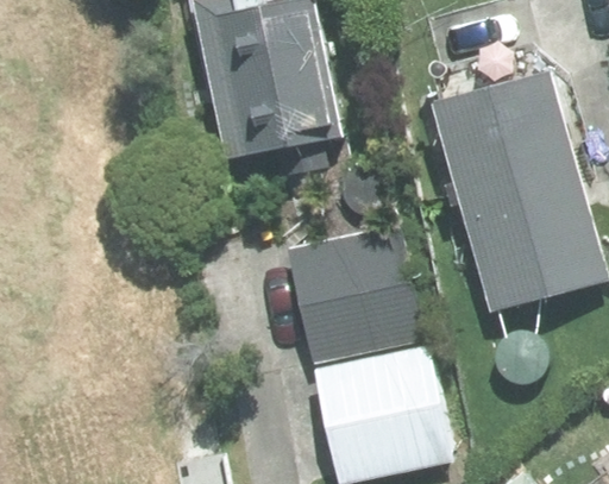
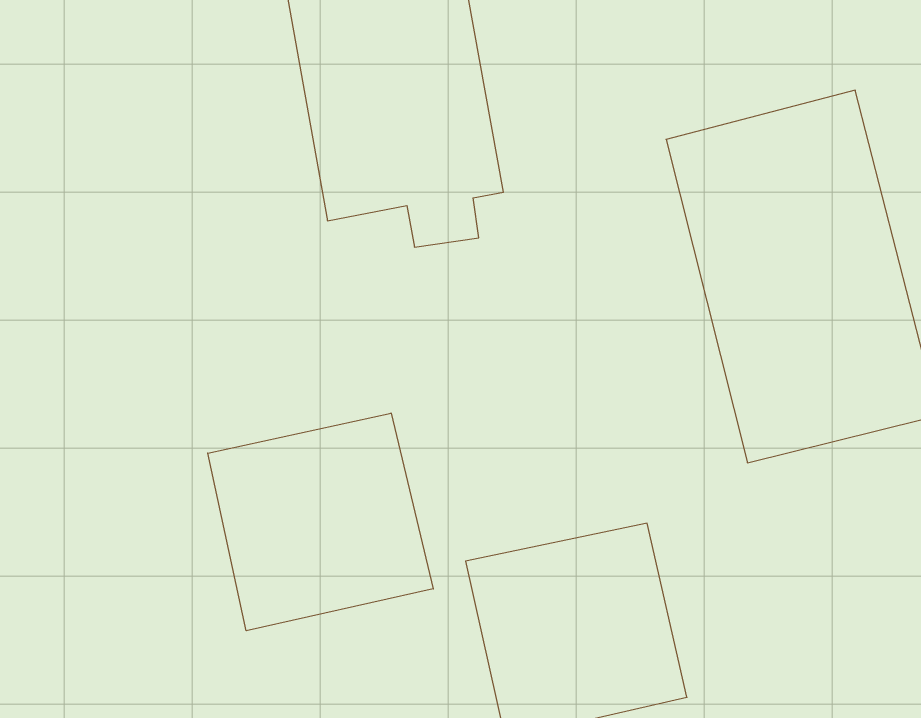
building: [289,228,421,362] -> none
building: none -> [208,413,433,631]

